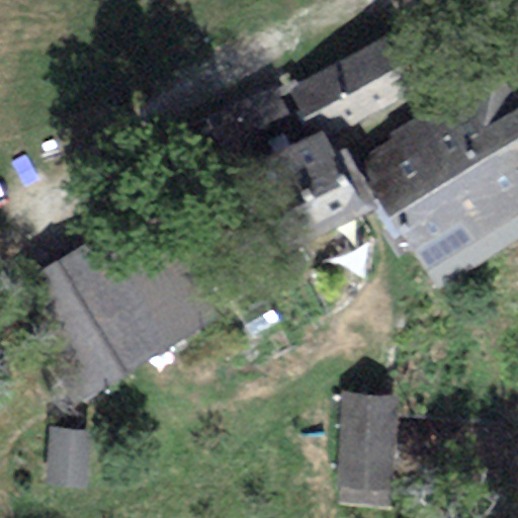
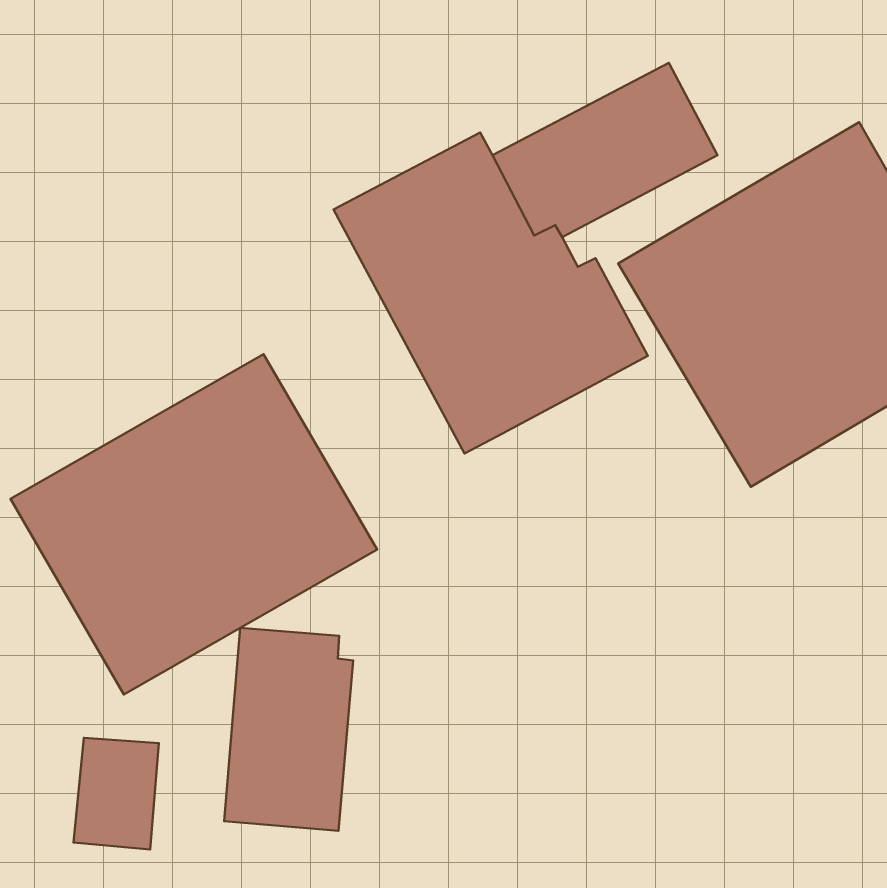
building: none -> [224,628,353,831]
building: [339,392,397,507] -> none

